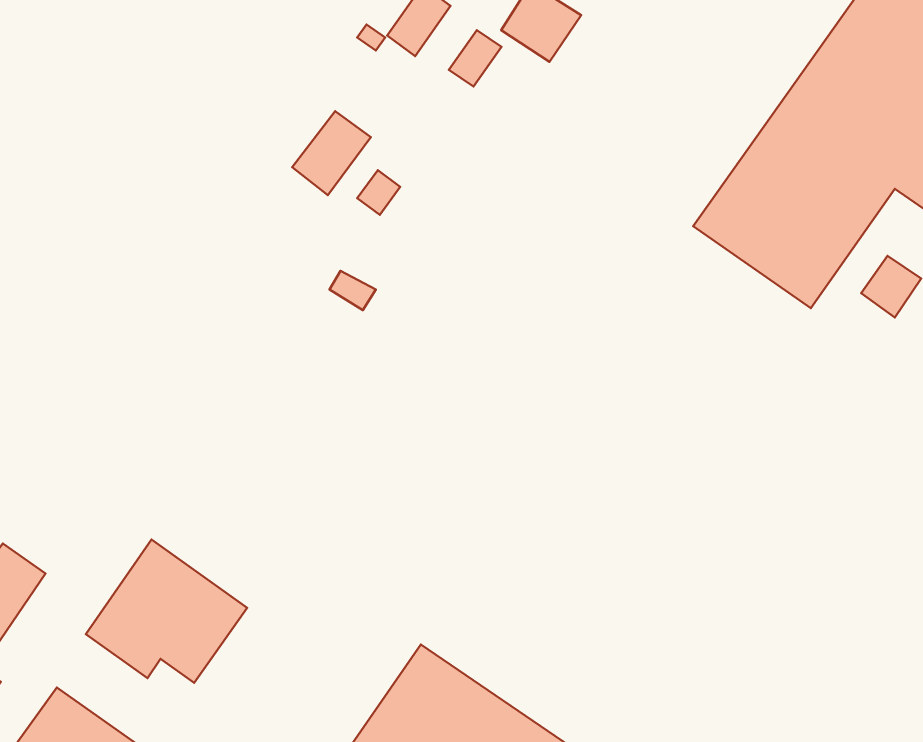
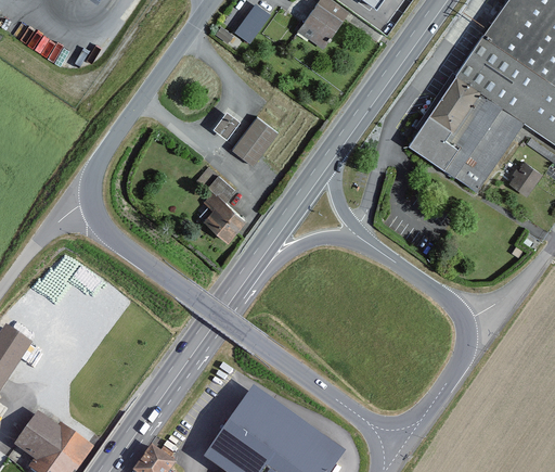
building: [449,30,501,87] -> none
building: [292,111,371,195] -> [231,115,276,164]
building: none -> [203,190,246,240]
building: [86,540,247,683] -> none

